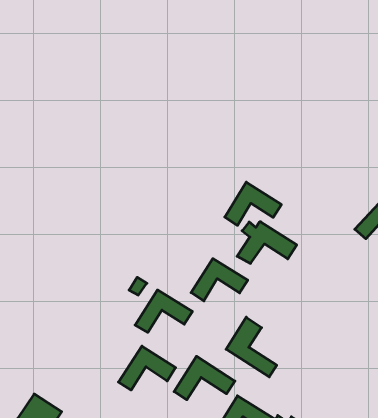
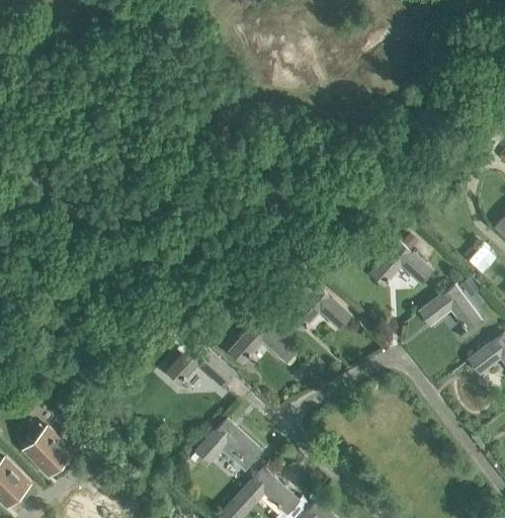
building: [225,182,281,225] -> [369,240,432,284]
building: [226,317,277,377] -> none
building: [118,346,176,390] -> none

